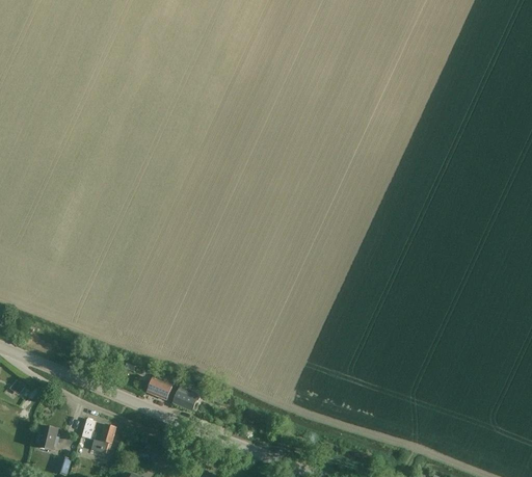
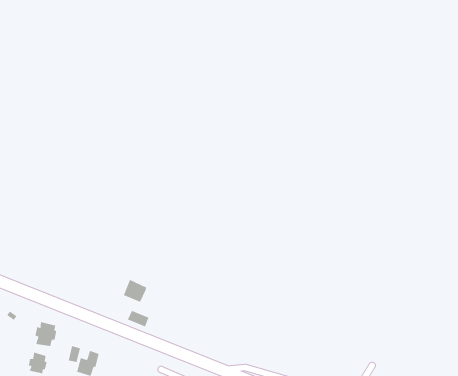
building: [172,385,200,412] -> [123,279,147,303]
building: none -> [35,321,57,347]

